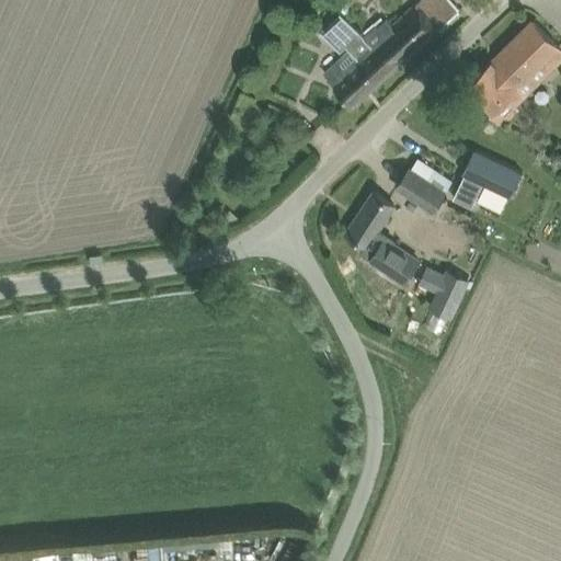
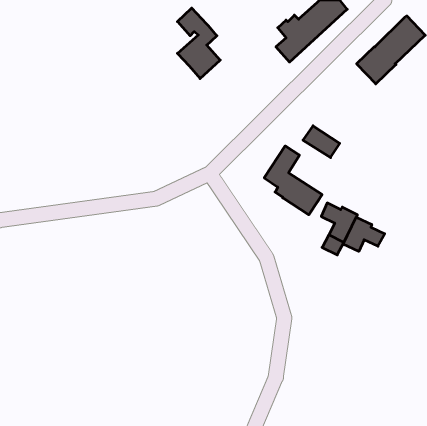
building: [322,16,378,108] -> [177,8,220,79]
building: [451,152,520,209] -> none
building: none -> [343,217,385,251]

